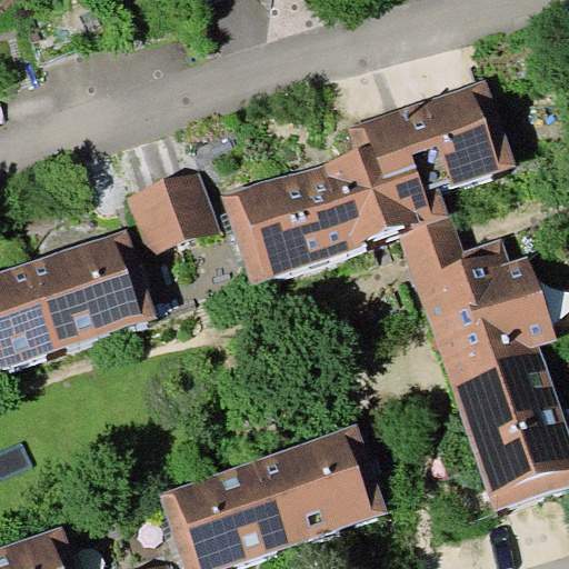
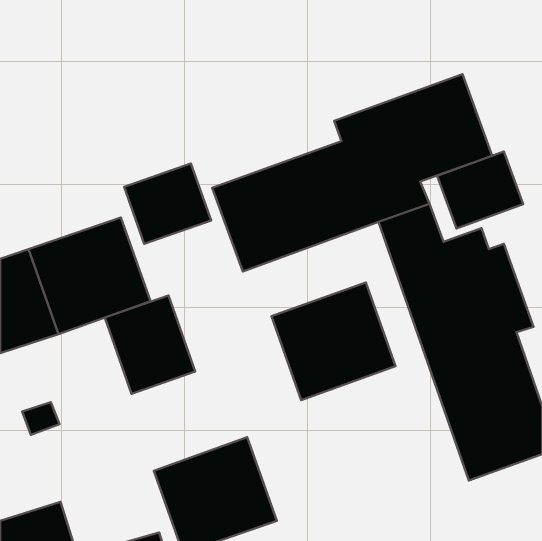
building: none -> [437,152,523,228]
building: none -> [105,295,195,394]
building: [259,423,389,547] -> [271,282,396,400]

